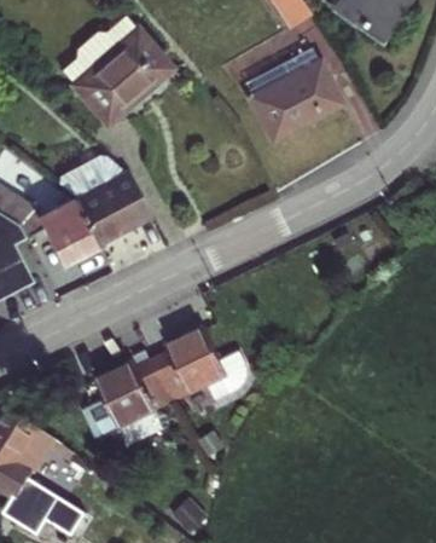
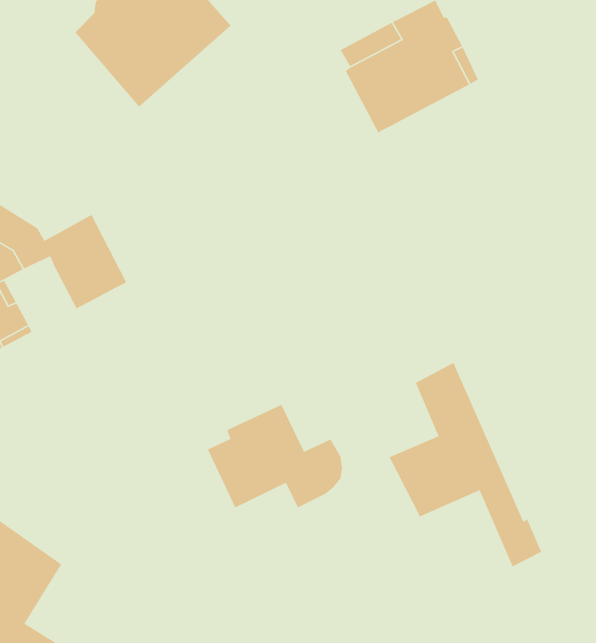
building: [62,156,150,244] -> none
building: none -> [388,362,542,567]
building: [83,360,173,439] -> none

